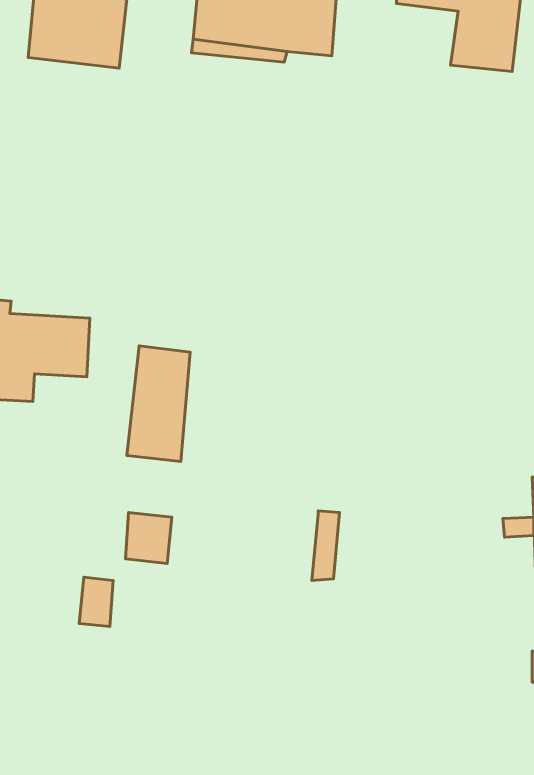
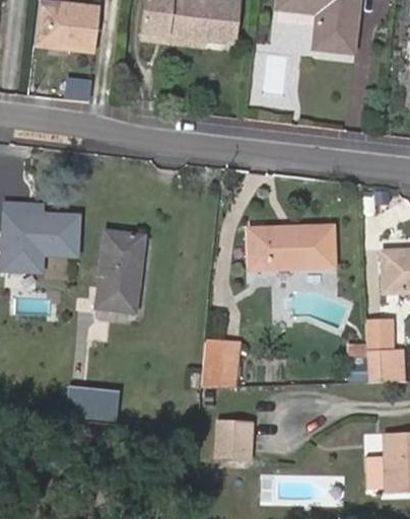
building: none -> [251,225,334,269]
building: none -> [202,340,226,387]
building: [125,513,172,563] -> [89,387,120,421]
building: none -> [215,421,254,460]

